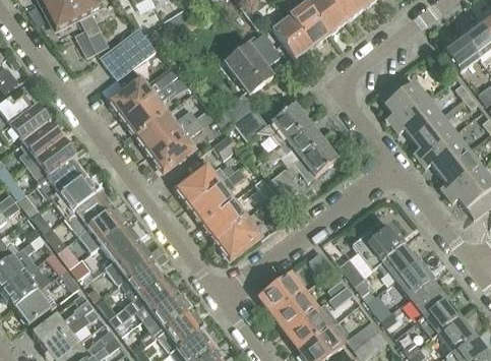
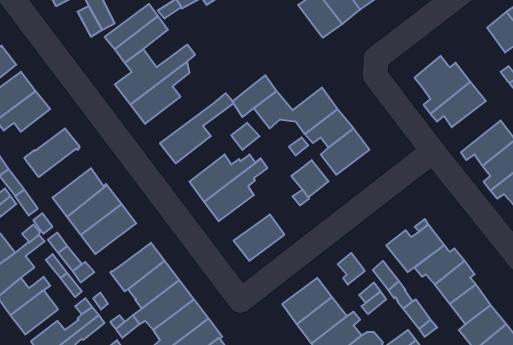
building: [224,35,279,94] -> none
building: [135,109,196,153] -> none
building: [411,115,454,161] -> none
building: [19,122,63,166] -> none
building: [37,158,86,203] -> none
building: [201,199,247,240] -> none
building: [100,225,140,262] -> none

